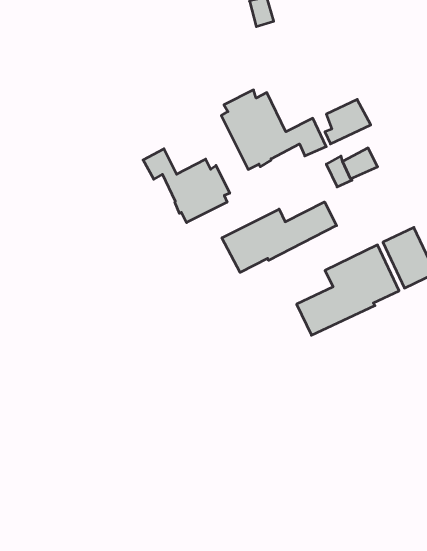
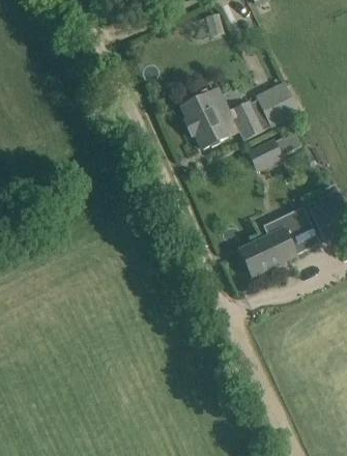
building: [143,149,230,223] -> none
building: [222,202,337,272] -> none

